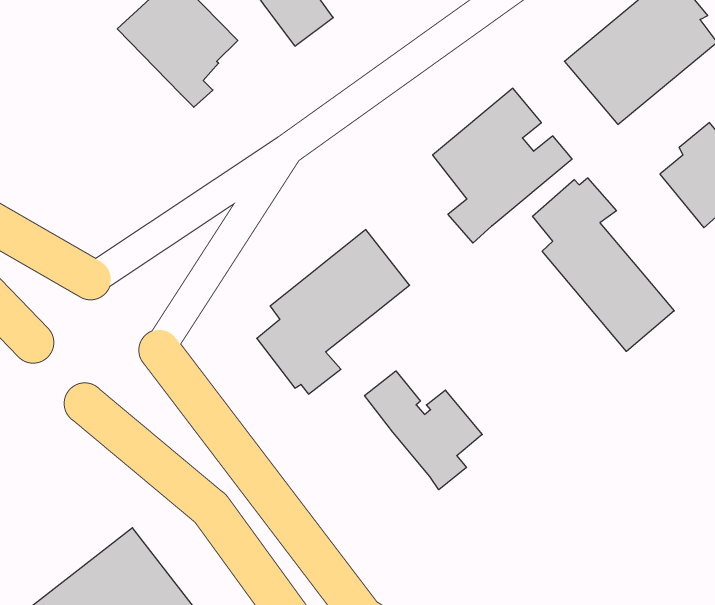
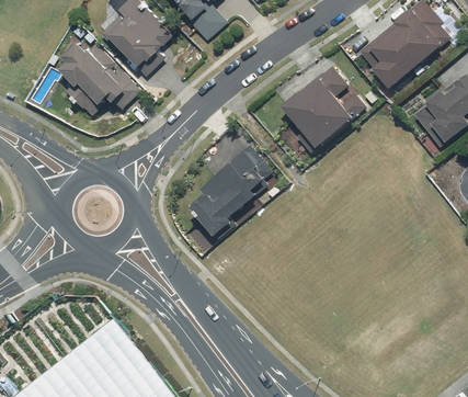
building: none -> [61,42,140,115]
building: [533,178,674,351] -> none
building: [365,371,482,490] -> none

